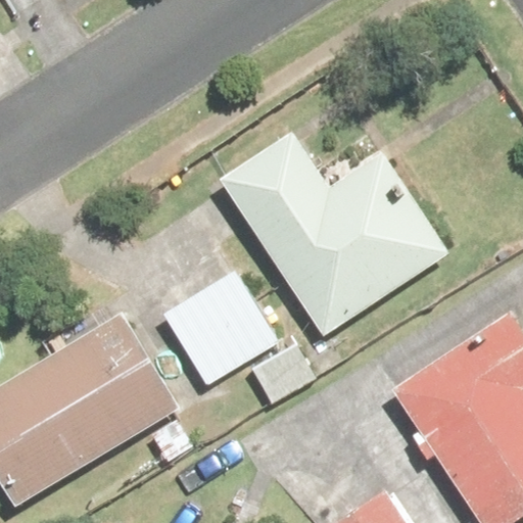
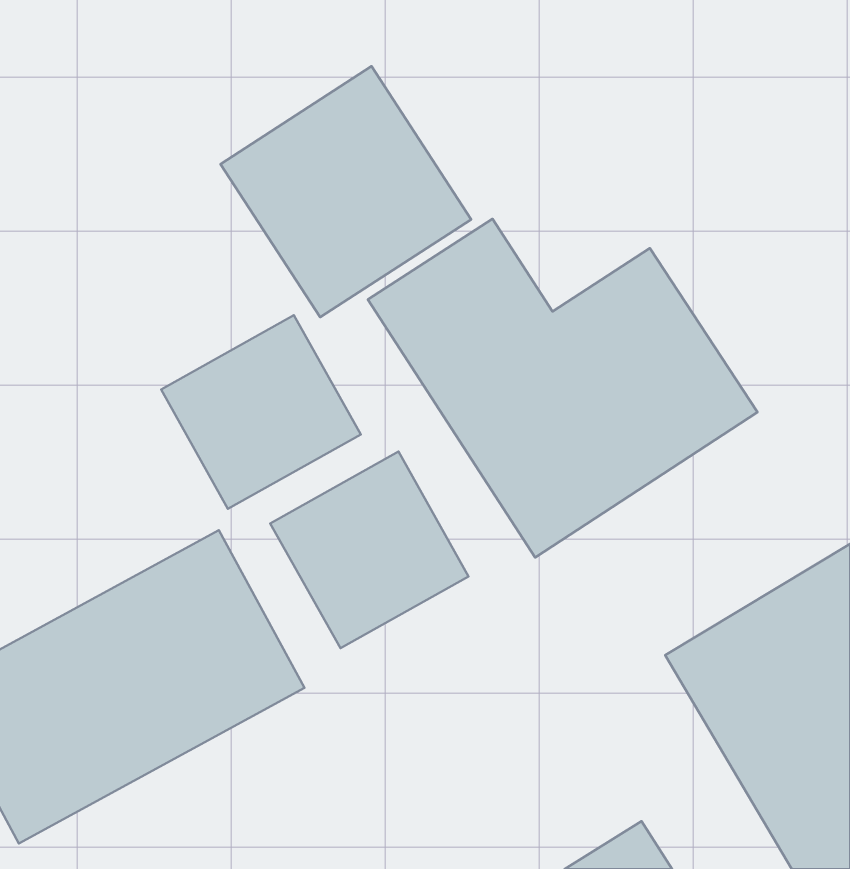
building: none -> [221,66,471,317]
building: none -> [161,315,361,509]

